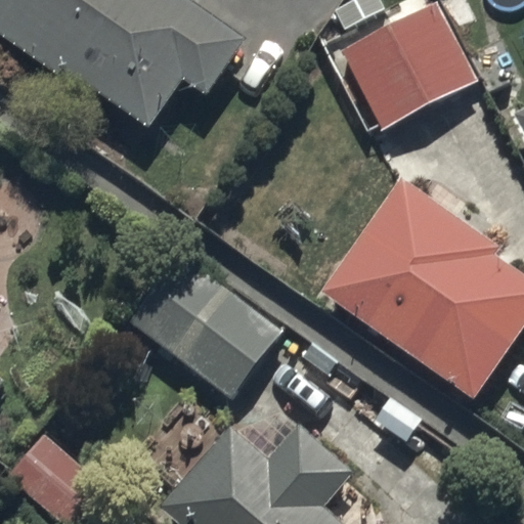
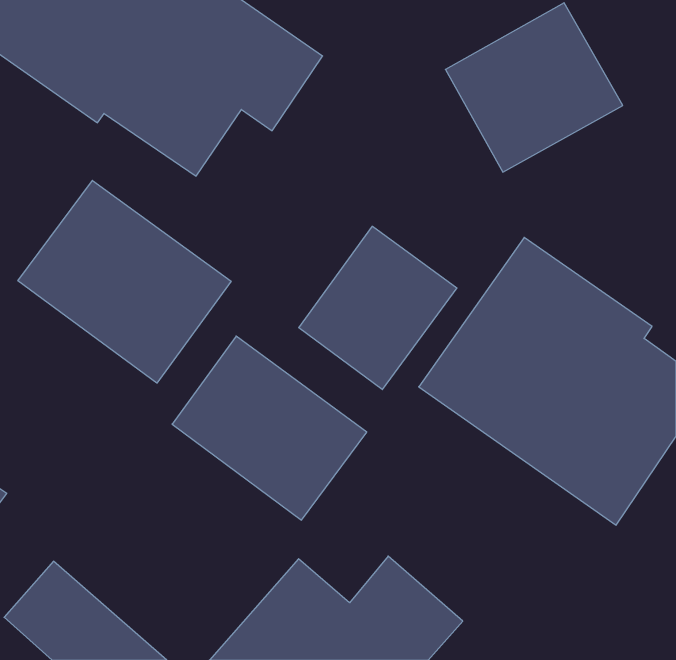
building: none -> [18,180,231,383]
building: none -> [299,226,457,390]

